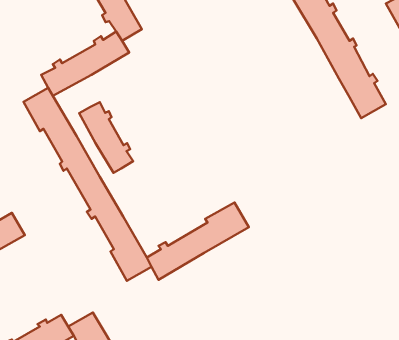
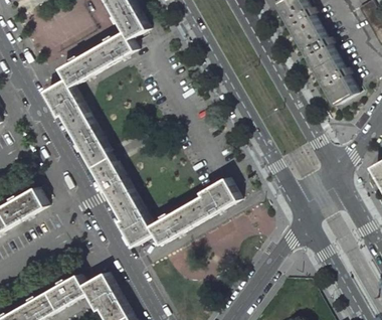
building: [79,102,133,173] -> none

